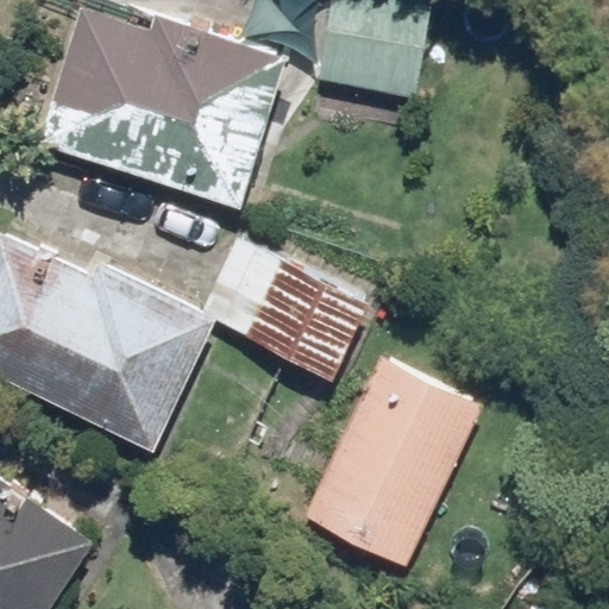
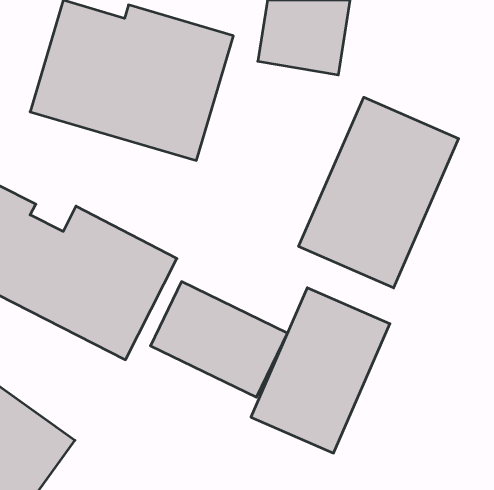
building: none -> [299,97,459,288]
building: [200,237,368,378] -> [150,282,288,397]

